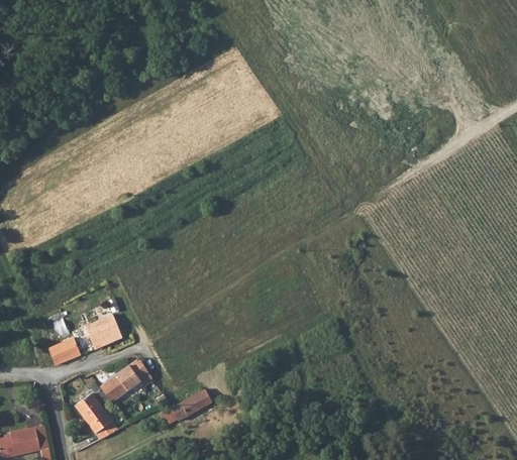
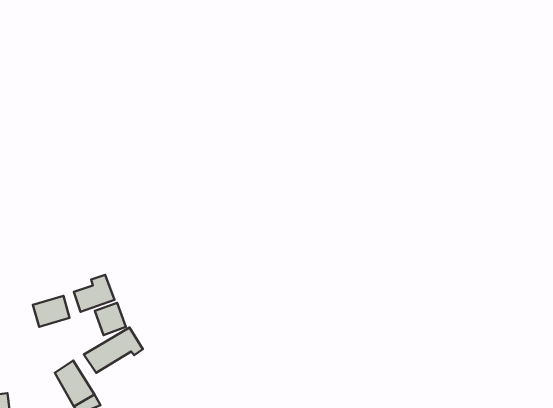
building: none -> [95,303,126,335]
building: [171,389,212,421] -> none

